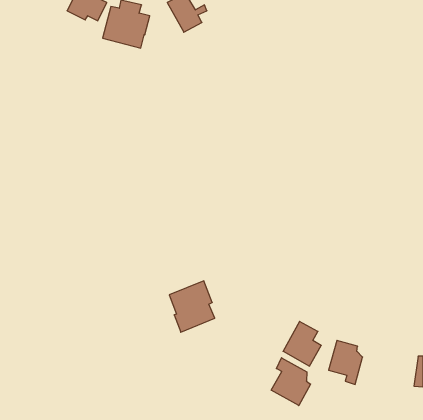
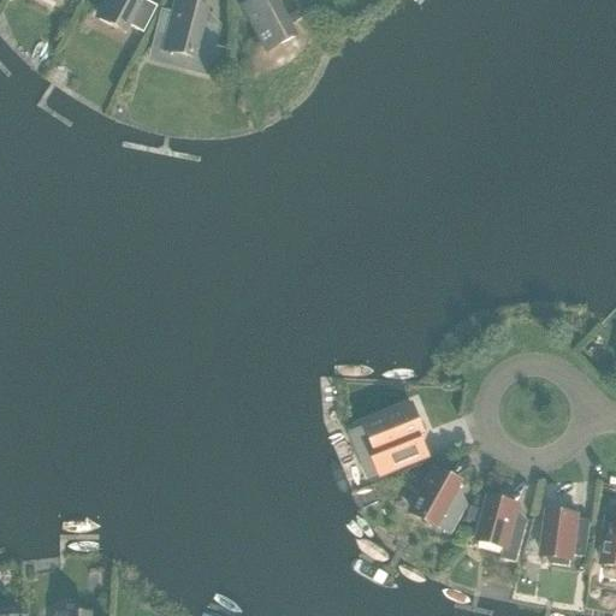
building: [169,281,215,332] -> [362,396,428,470]
building: none -> [543,509,590,556]
building: [271,358,311,406] -> none

